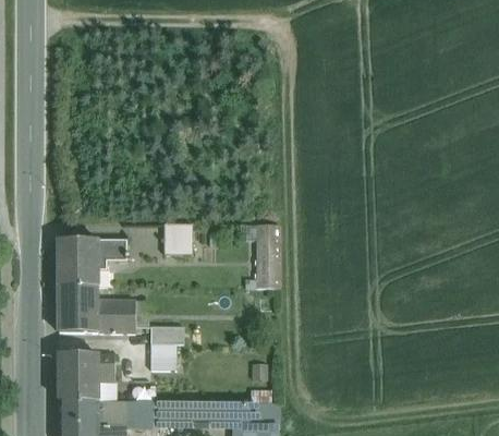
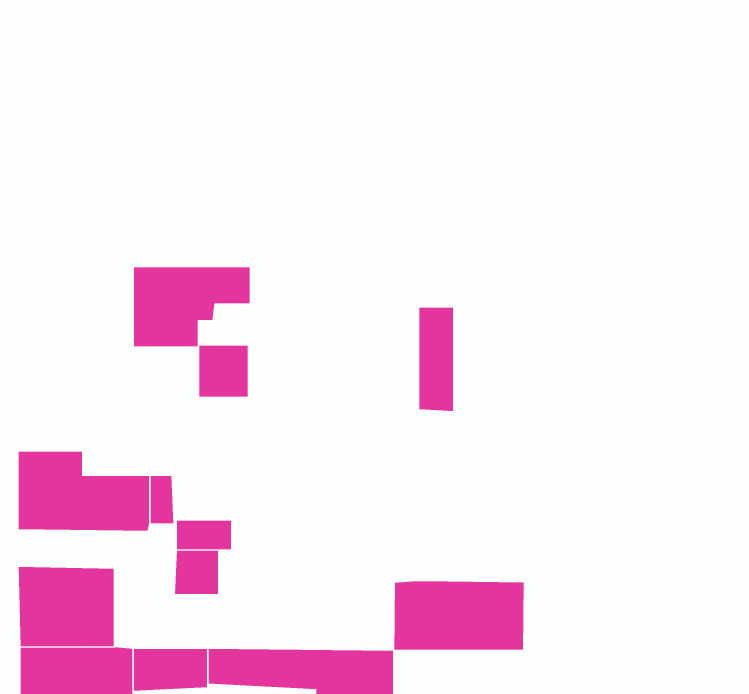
building: [256,227,277,288] -> [418,307,454,412]
building: [57,239,125,286] -> [133,267,250,347]
building: none -> [394,581,524,650]

